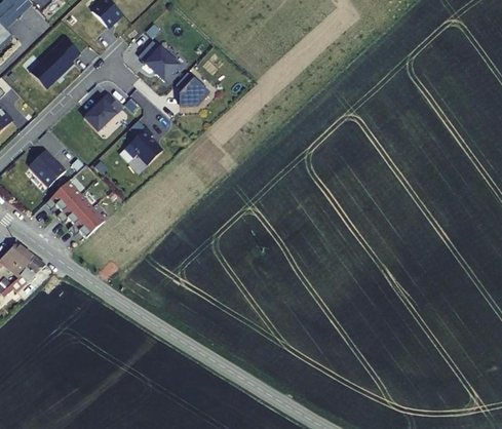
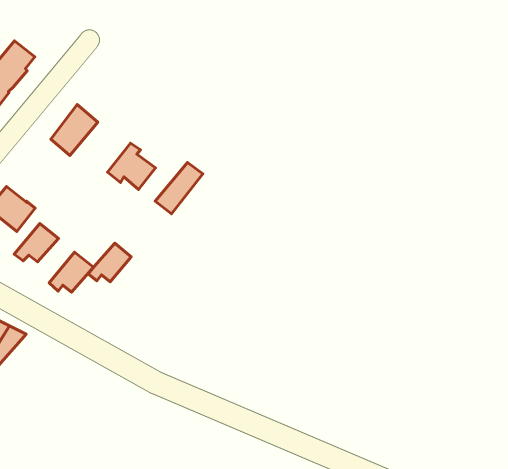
building: [146,45,180,81] -> none
building: [177,71,211,105] -> none
building: none -> [155,162,203,214]
building: [59,195,93,225] -> [88,243,131,282]

